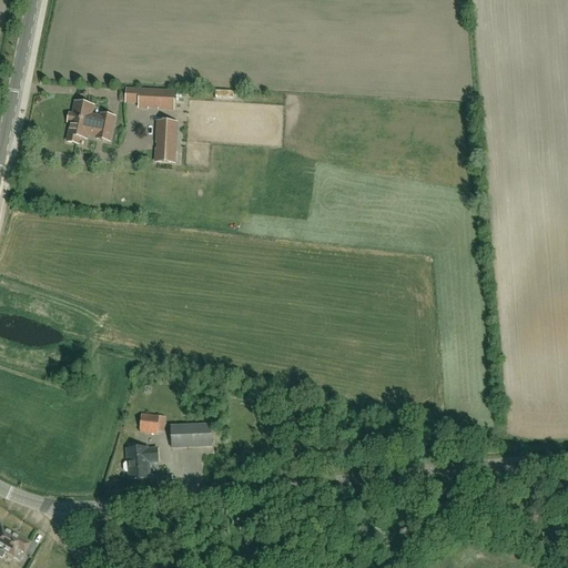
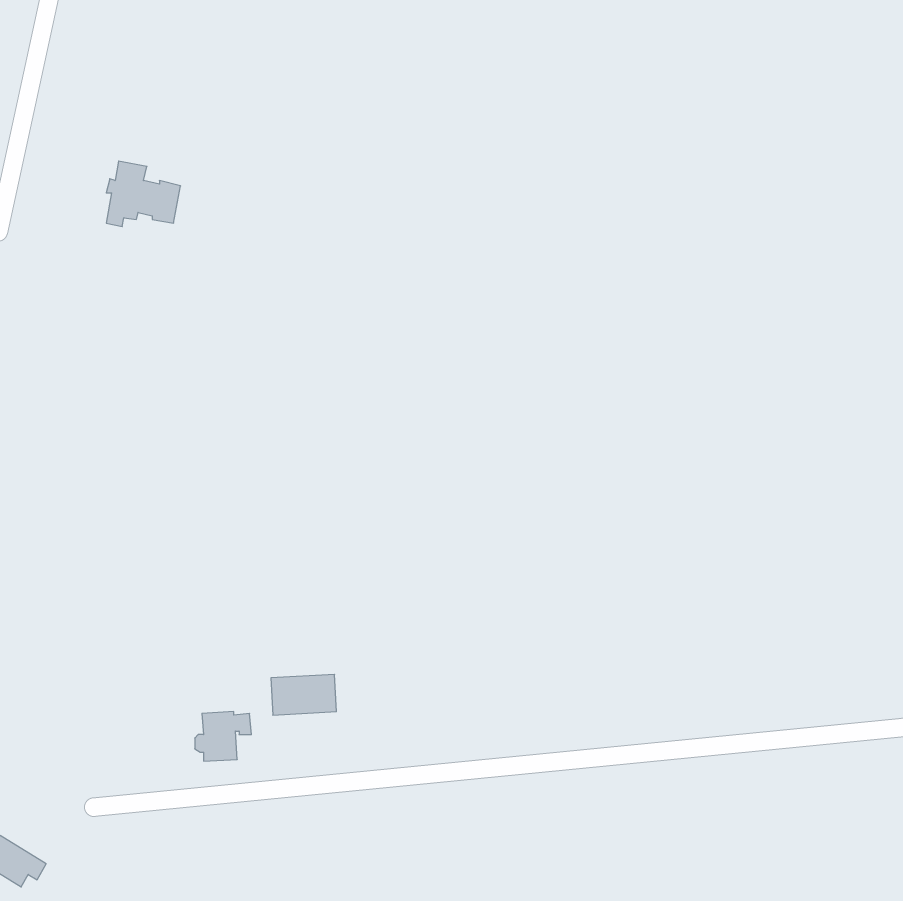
building: [125,88,173,108] -> none
building: [154,121,175,162] -> none
building: [139,412,165,433] -> none

